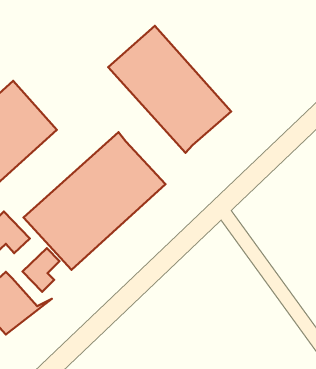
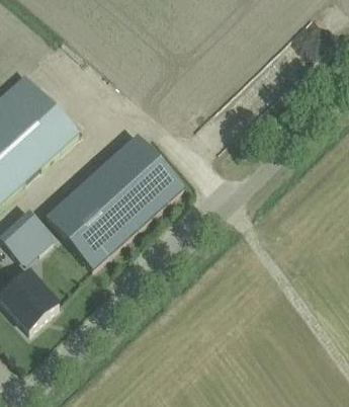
building: [108,26,231,153] -> none
building: [22,248,60,292] -> none

